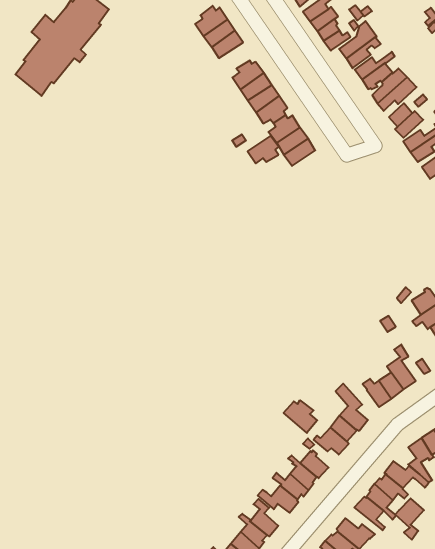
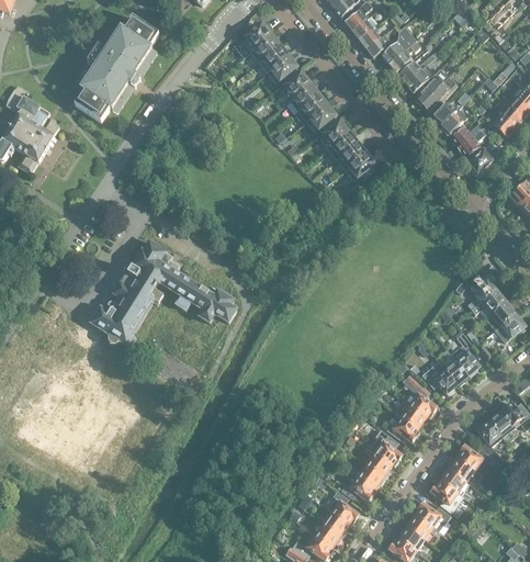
building: none -> [267,55,296,82]
building: [248,136,279,163] -> [345,153,374,180]
building: none -> [91,240,236,346]
building: [284,400,317,433] -> none
building: [395,498,424,540] -> none

